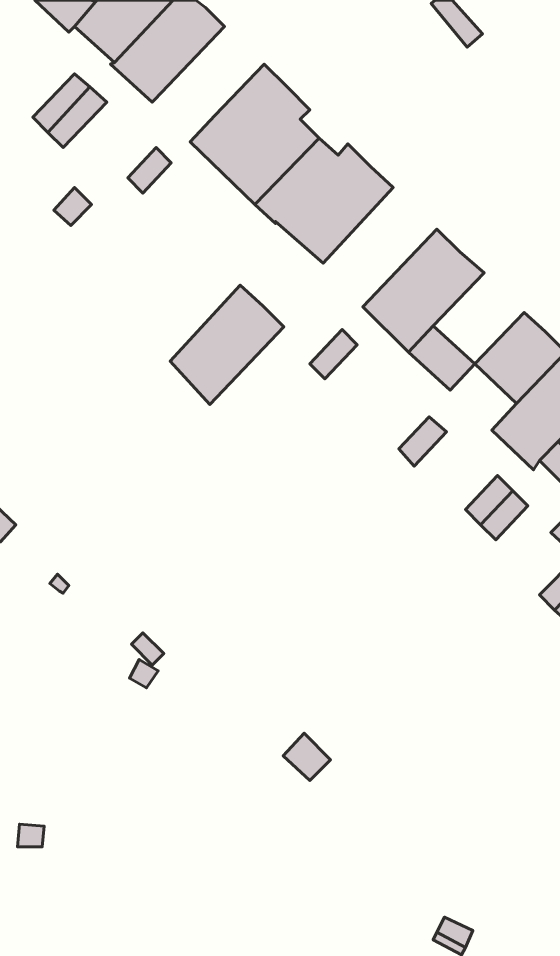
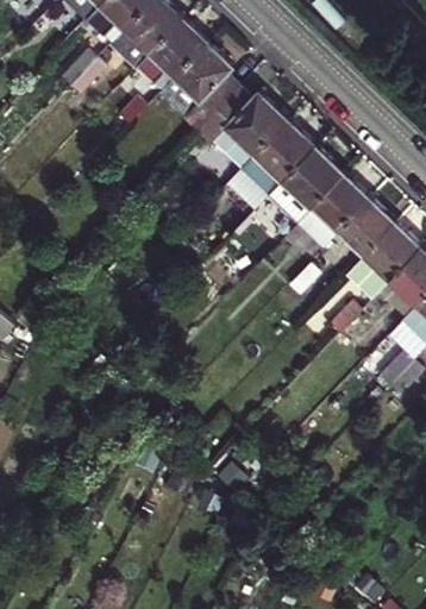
building: none -> [137,18,206,81]
building: none -> [312,172,369,230]
building: [170,285,284,405] -> [243,119,314,194]

